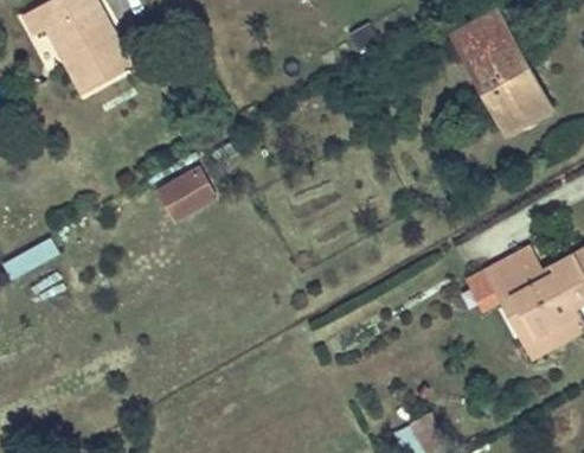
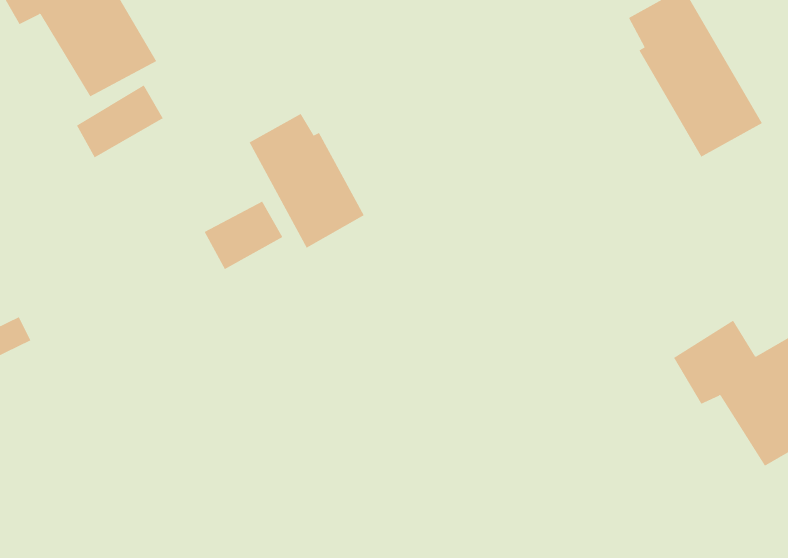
building: none -> [76,85,164,158]
building: none -> [249,113,365,248]

